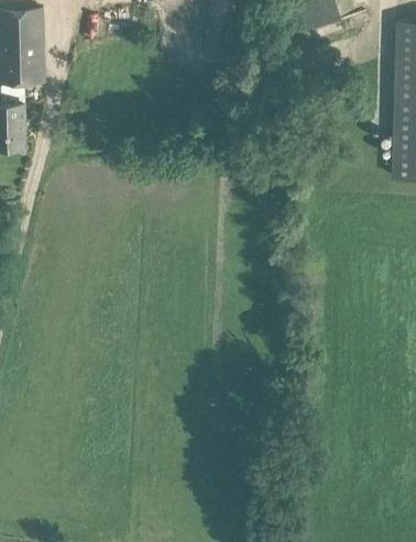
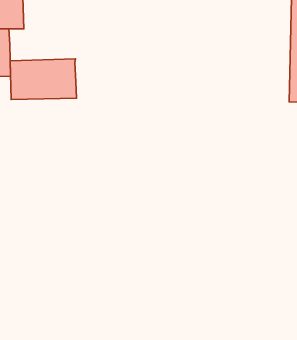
building: none -> [10,59,77,100]

